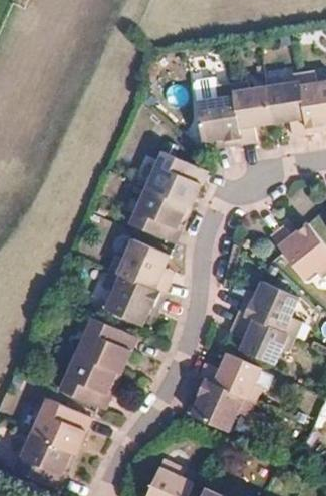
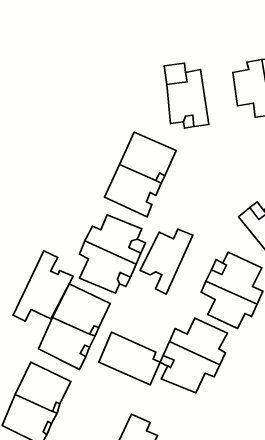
building: [233,82,273,143] -> none
building: none -> [140,229,193,294]
building: none -> [13,251,73,321]
building: none -> [99,332,160,385]

